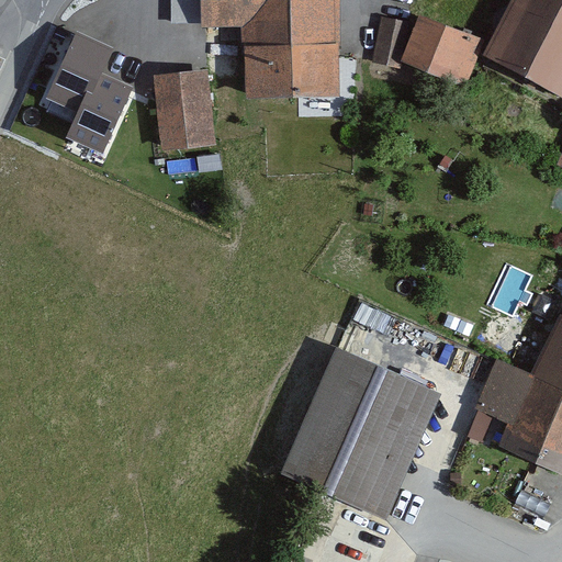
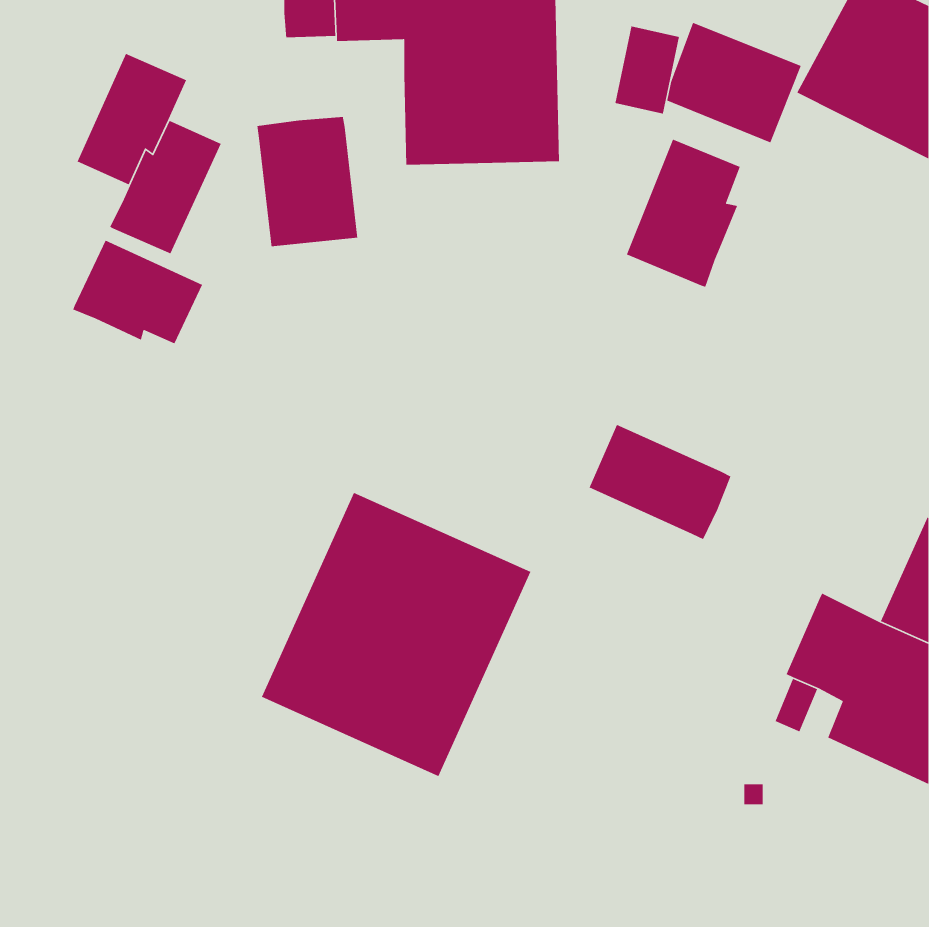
building: none -> [626,139,741,288]
building: none -> [72,240,203,345]
building: none -> [589,424,732,540]
building: [276,346,439,518] -> [261,492,532,777]

